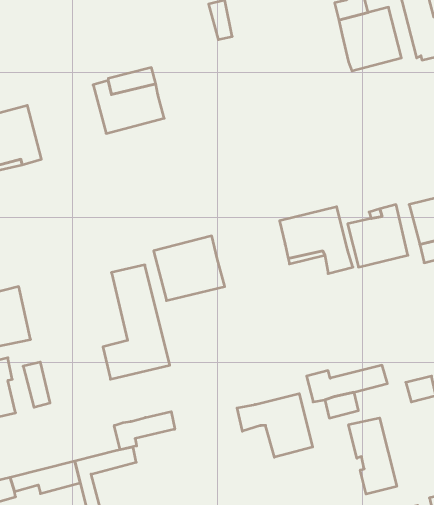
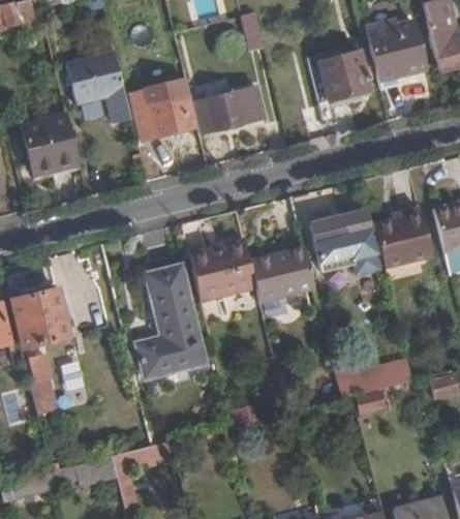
building: none -> [308,47,375,125]
building: none -> [67,53,132,124]
building: none -> [192,88,266,133]
building: none -> [249,246,314,301]
building: [237,394,313,457] -> none
building: [114,412,175,450] -> none
building: [349,418,397,494] -> none

